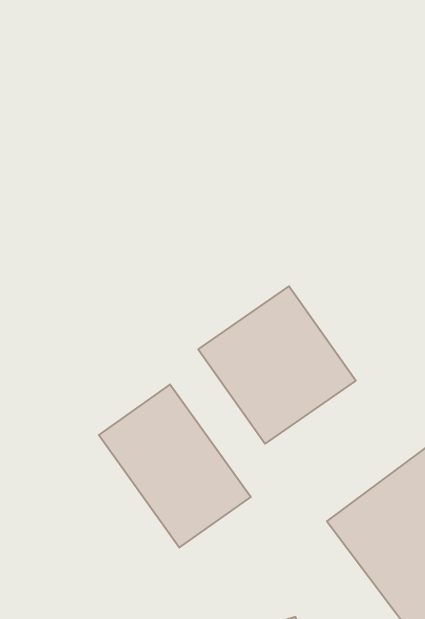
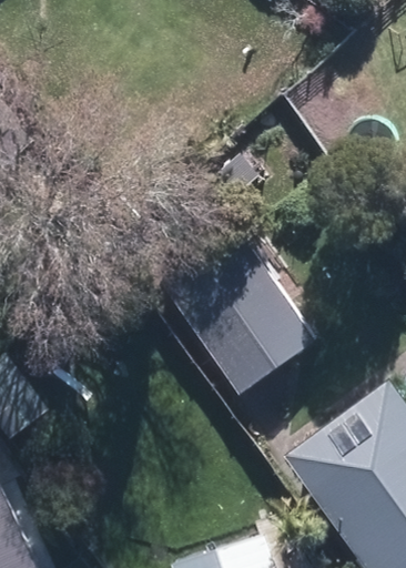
building: [99,384,251,548] -> none

